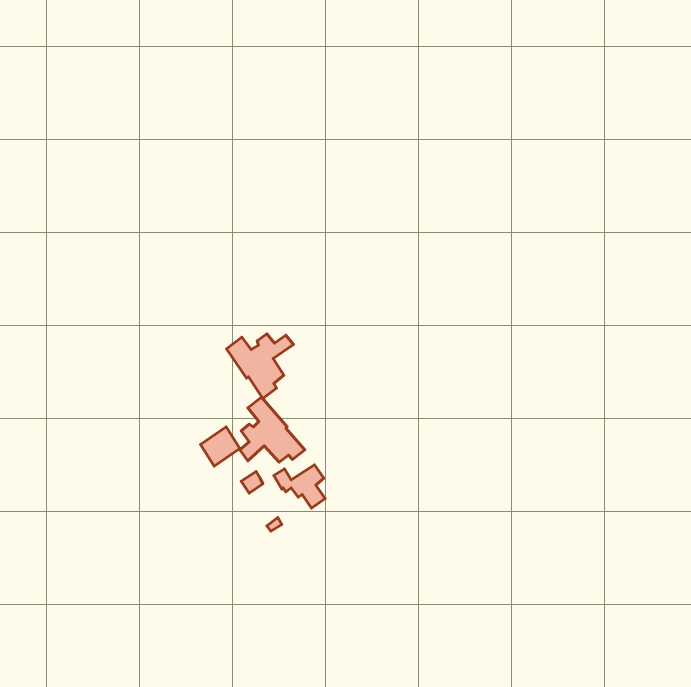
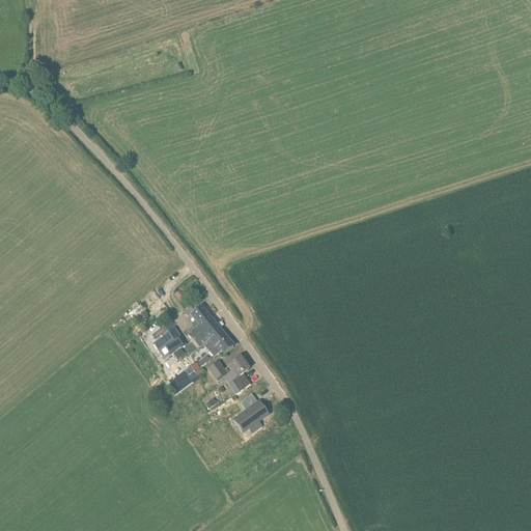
building: [227,334,293,399] -> none
building: none -> [233,392,267,430]

